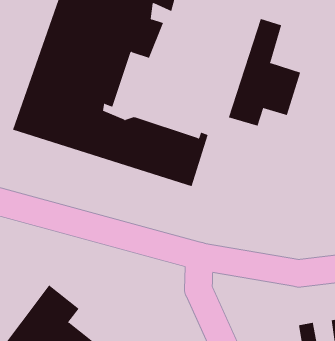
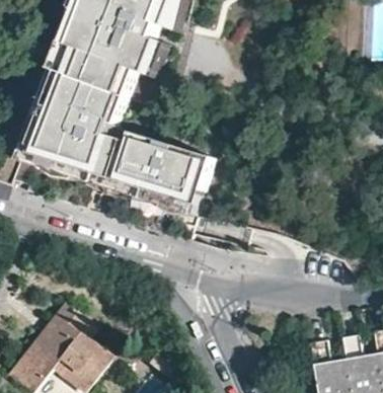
building: [228,18,301,126] -> none

